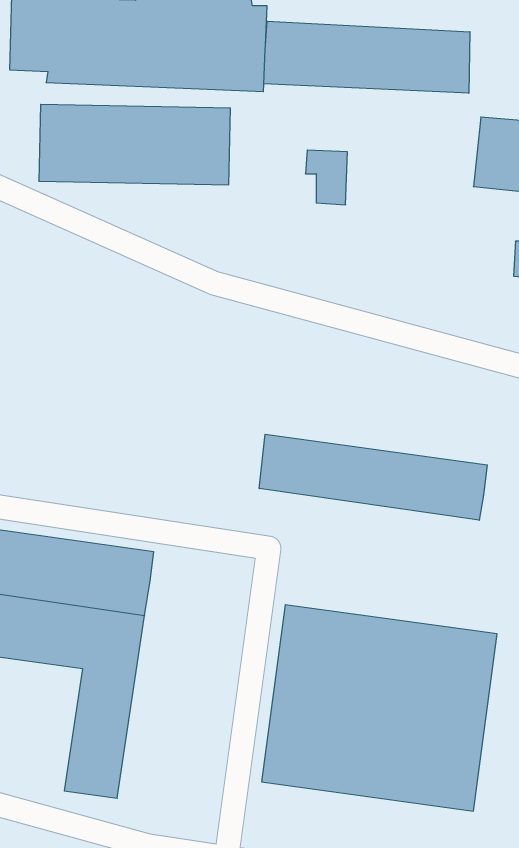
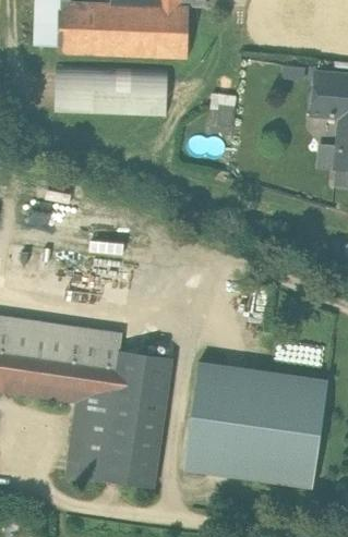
building: [264,21,470,93] -> none
building: [259,434,487,520] -> none
building: none -> [99,350,172,488]

